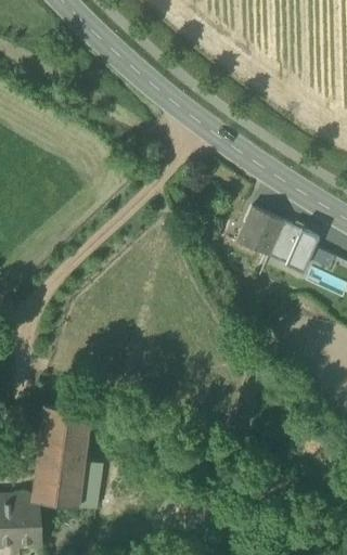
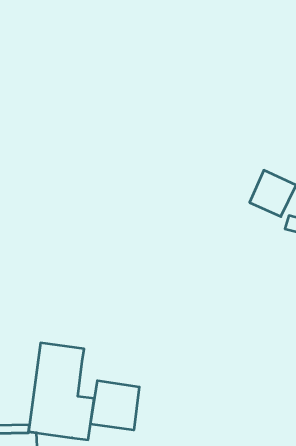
building: [239,206,285,255] -> none
building: none -> [90,381,139,430]

